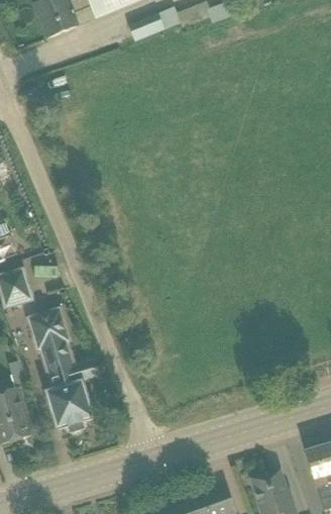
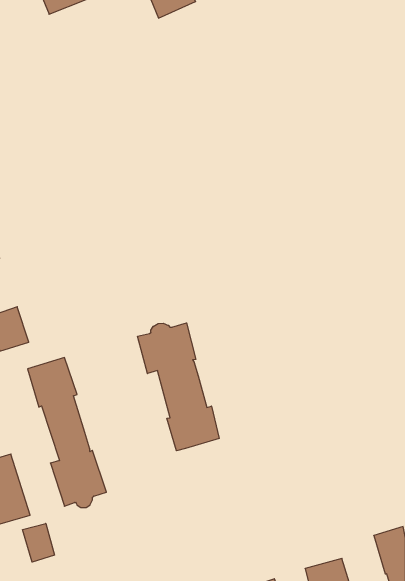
building: none -> [138,323,219,451]
building: none -> [23,523,55,562]

